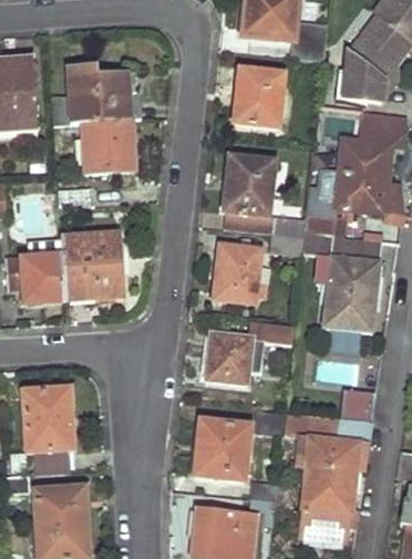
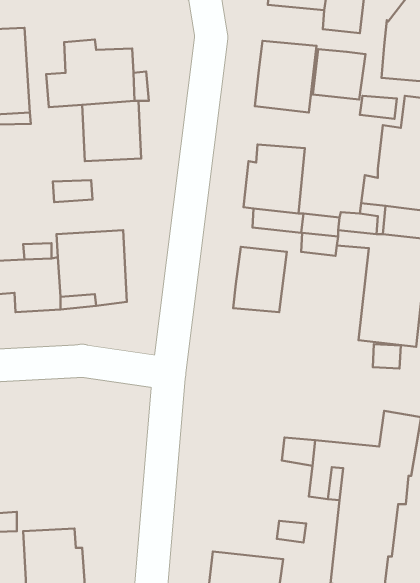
building: none -> [313,49,365,99]
building: [205,323,292,383] -> none
building: [23,387,72,473] -> none
building: [193,417,250,480] -> none

